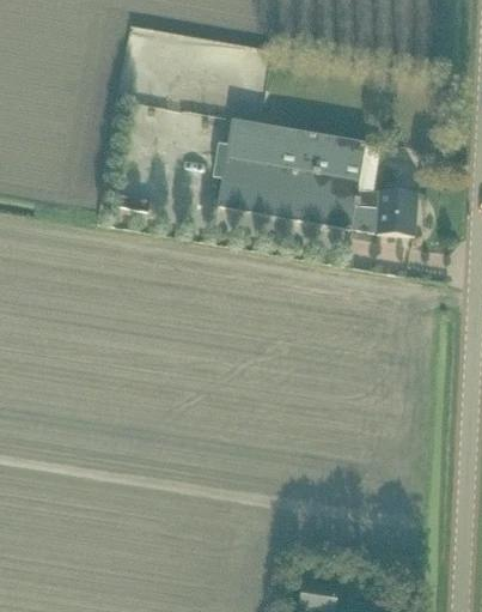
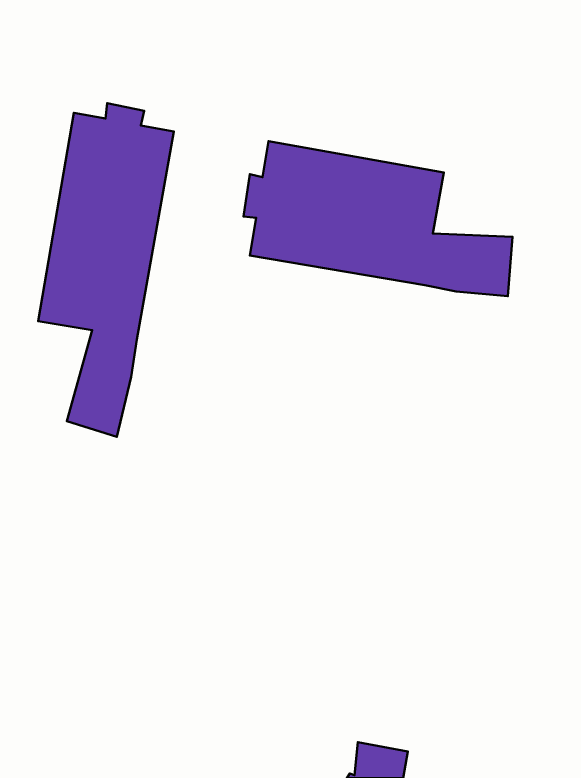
building: none -> [38,103,174,437]

